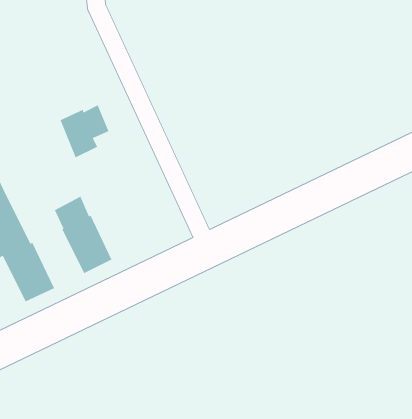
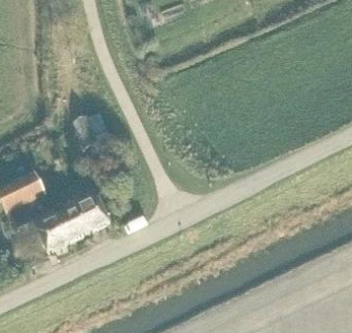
building: none -> [53,200,89,239]

